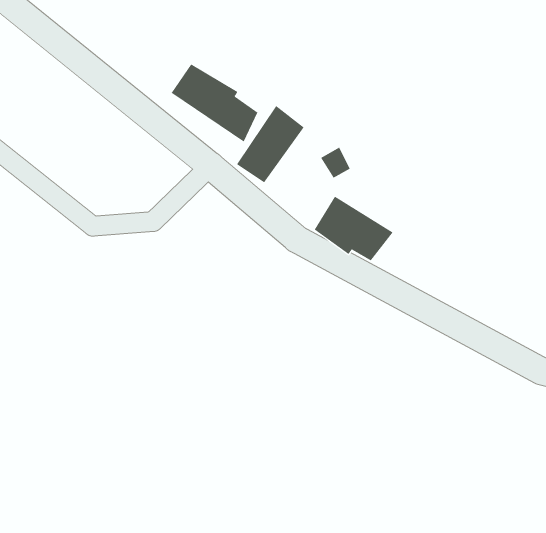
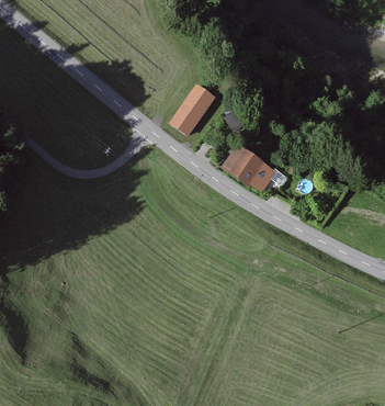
building: [171,63,258,142] -> none

